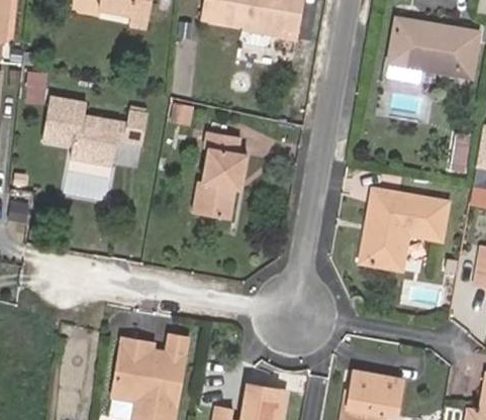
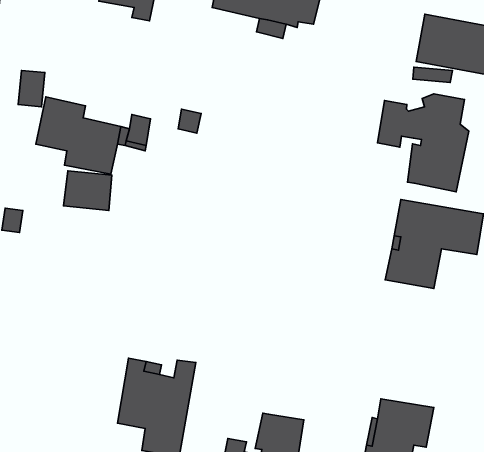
building: none -> [377,94,469,192]
building: [189,132,245,224] -> none

